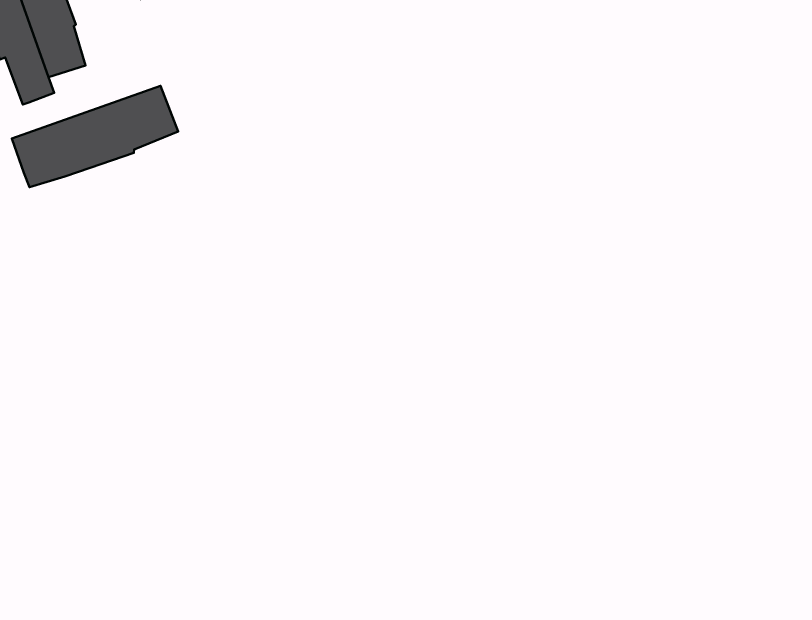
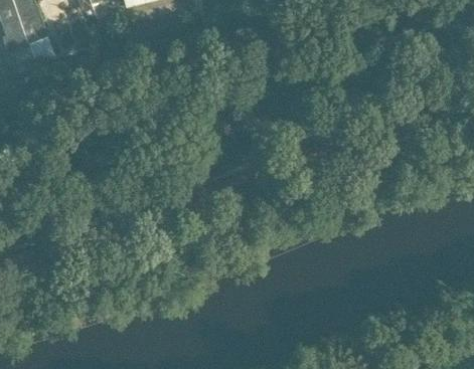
building: [12,86,178,187] -> none

